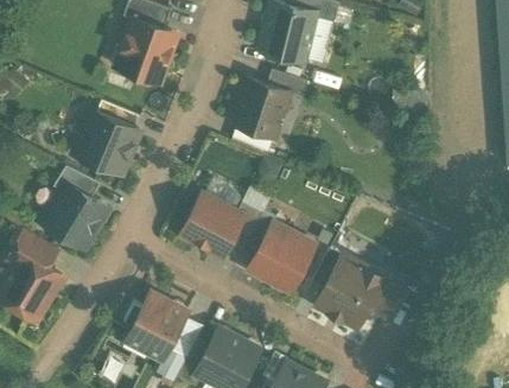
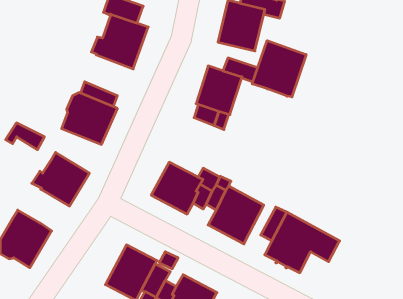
building: none -> [252,41,306,97]
building: [55,166,101,198] -> [6,123,44,150]
building: [9,229,59,267] -> none

